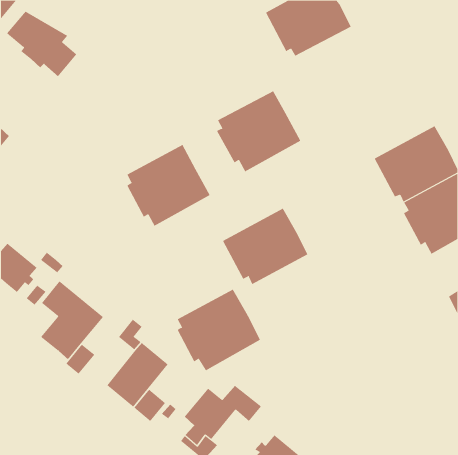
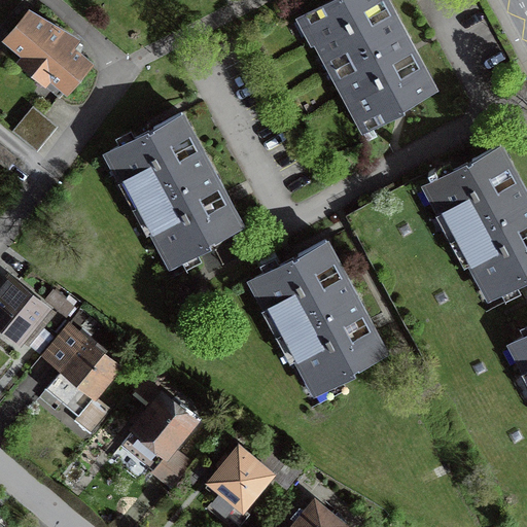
building: [216,91,301,172] -> [338,34,435,128]
building: none -> [14,110,56,151]
building: none -> [111,115,210,204]
building: [177,289,261,371] -> [289,295,386,390]

